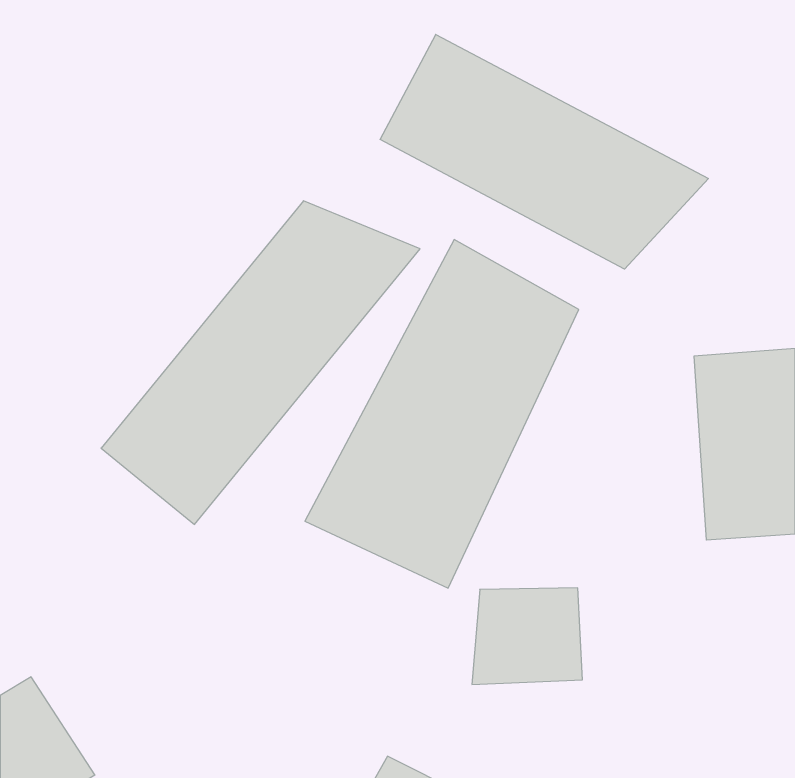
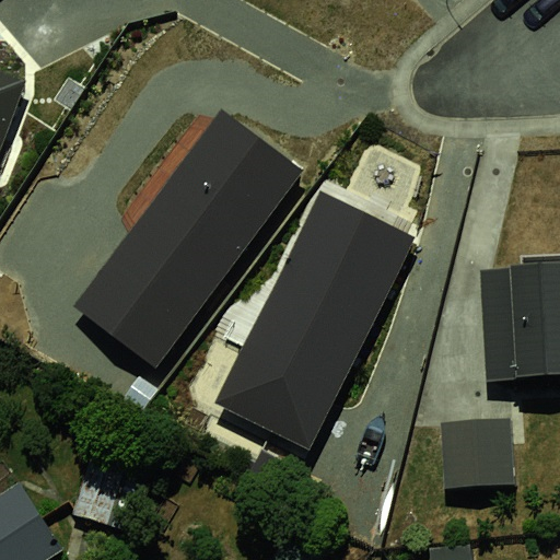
building: [380,34,708,269] -> none
building: [472,588,582,684] -> [442,428,520,495]

